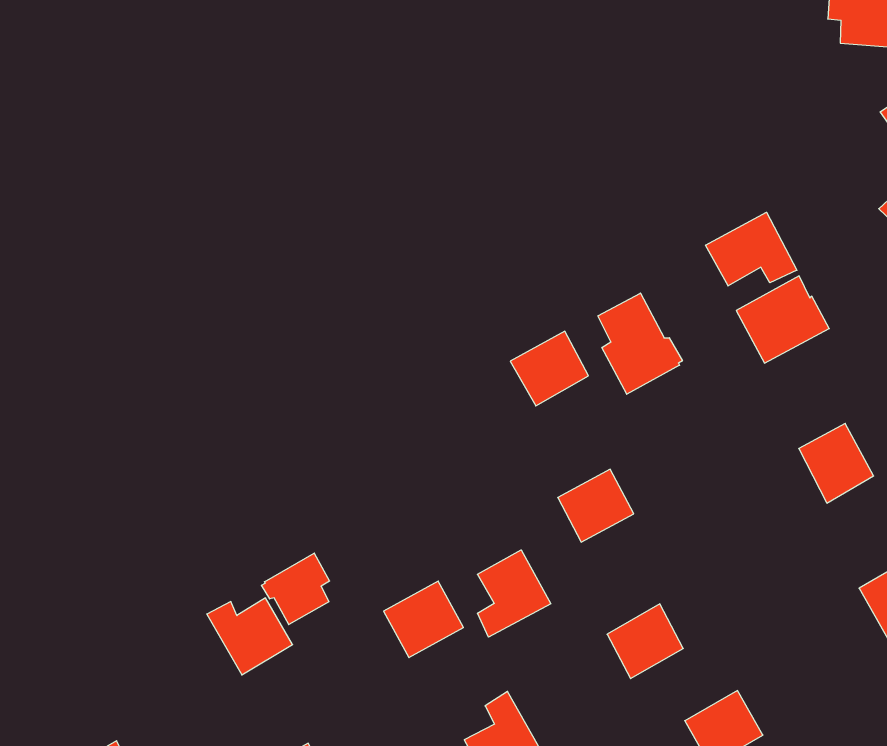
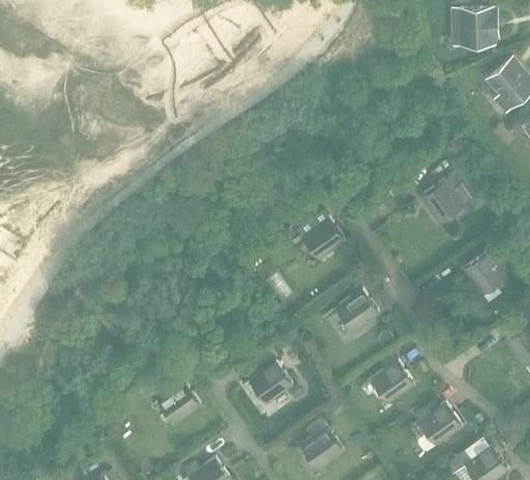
building: [706,212,797,286] -> none
building: [598,293,682,394] -> none
building: [477,550,551,637] -> none
building: [261,553,330,625] -> none

